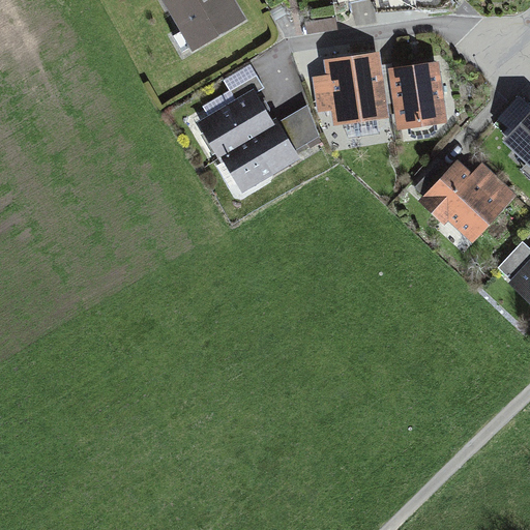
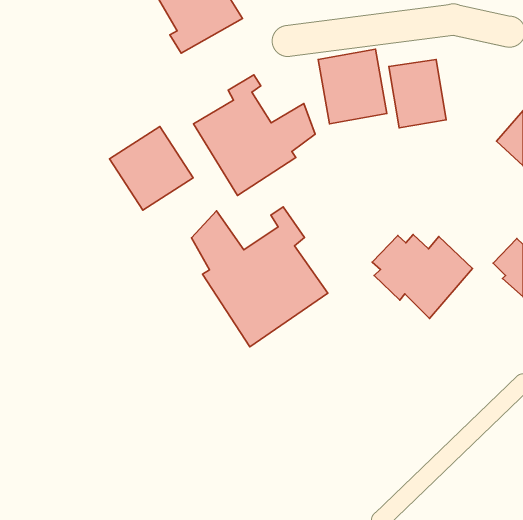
building: none -> [110,126,193,210]
building: [415,159,517,244] -> [372,235,473,319]
building: none -> [191,207,328,347]

